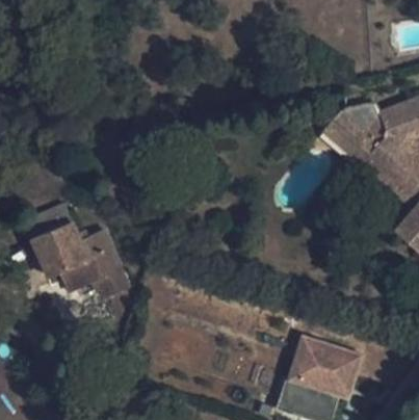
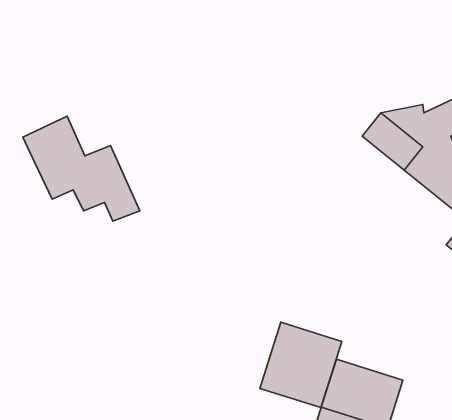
building: [27,205,131,298] -> [23,116,140,221]
building: none -> [260,322,342,408]

